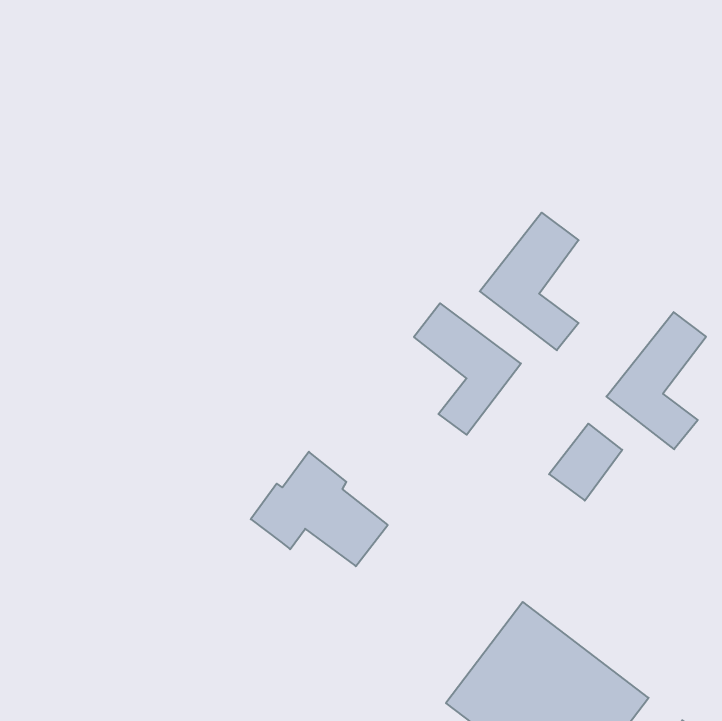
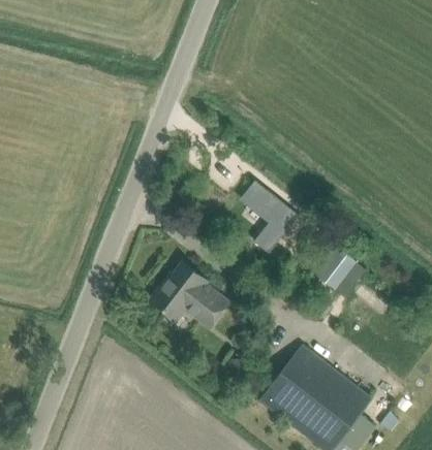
building: [480,213,579,350] -> none
building: [606,312,706,449] -> none

